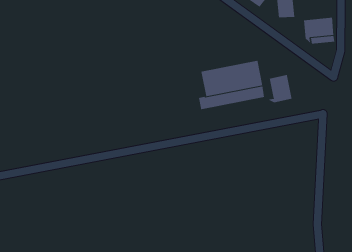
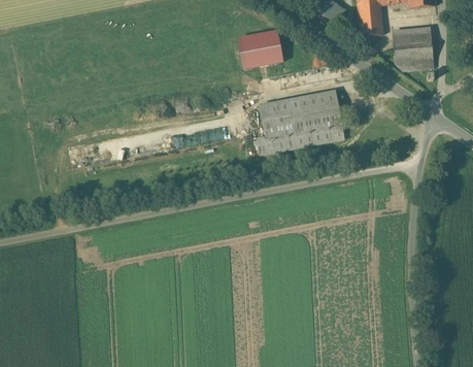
building: none -> [237,29,283,68]
building: [267,74,292,103] -> none

